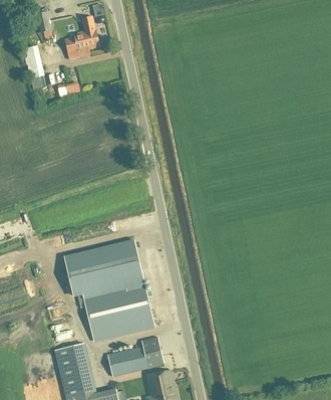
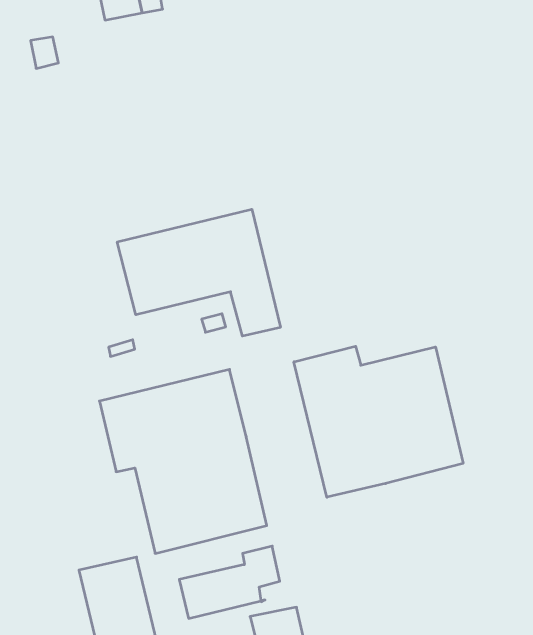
building: none -> [117,209,280,336]
building: none -> [294,346,463,497]

